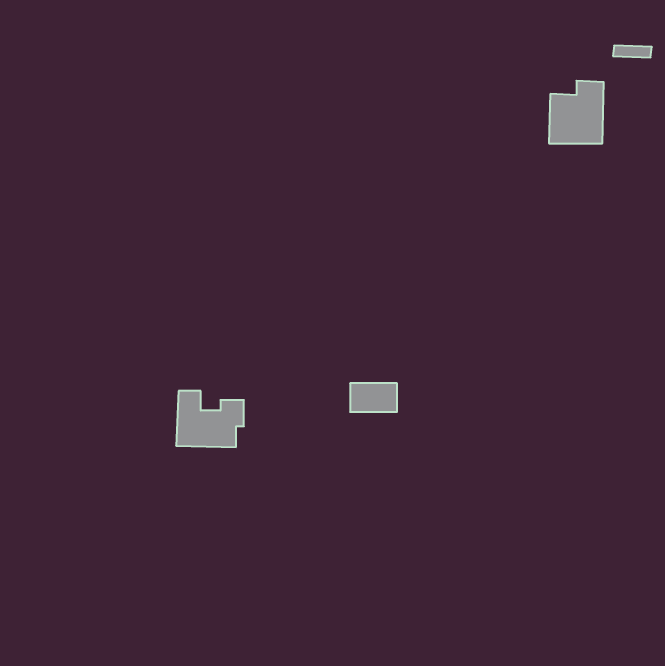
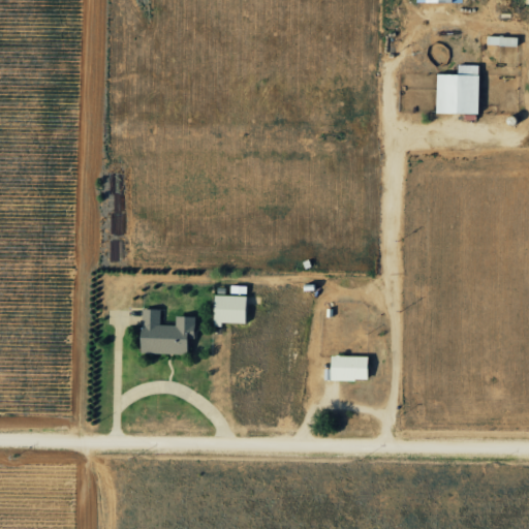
building: none -> [214,295,247,324]
building: [350,383,397,412] -> [331,356,368,379]

